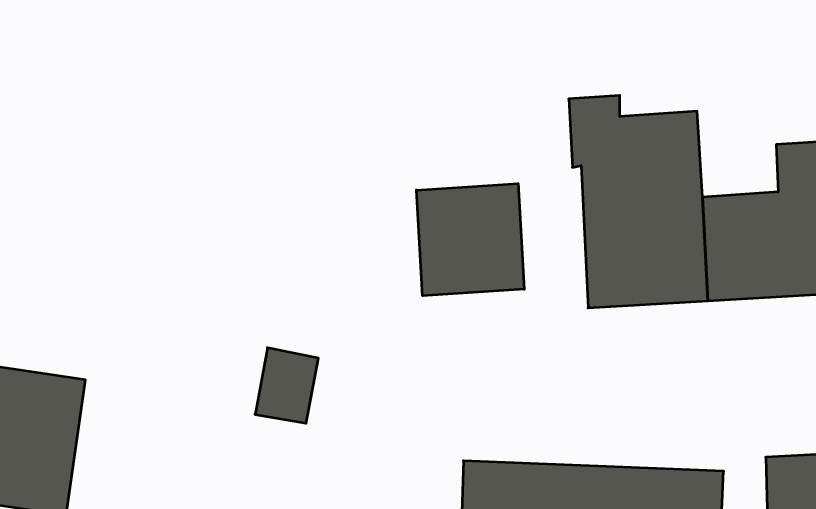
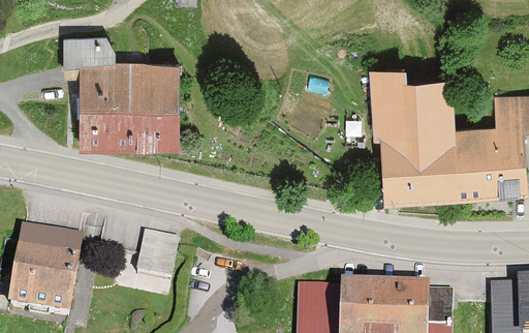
building: none -> [61,35,175,139]
building: [416,184,524,296] -> none
building: [255,348,318,423] -> [143,231,180,275]

